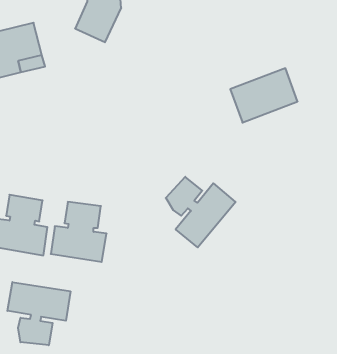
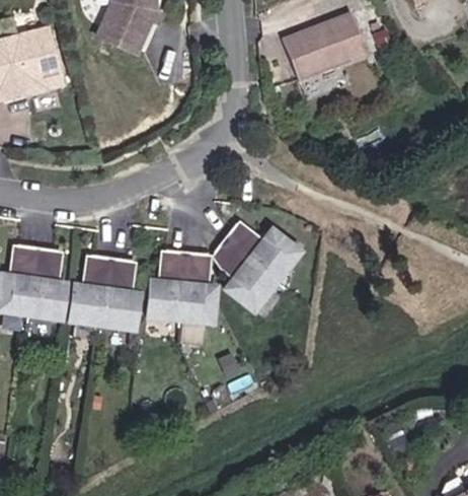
building: [230,68,298,123] -> [284,13,368,81]
building: none -> [148,252,216,325]
building: [7,282,70,345] -> none

